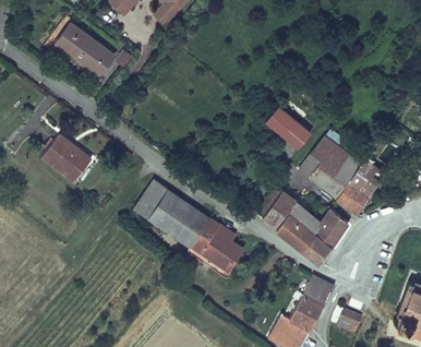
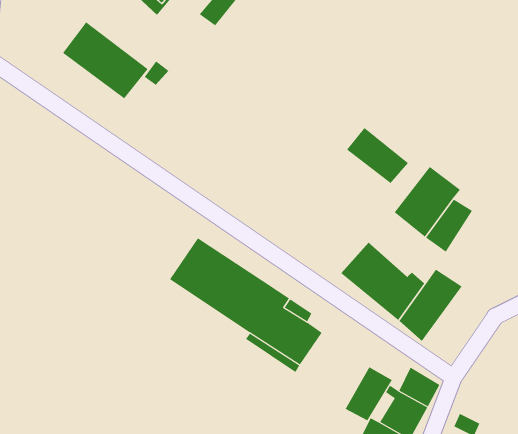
building: [41,136,93,186] -> none
building: [336,154,384,207] -> none
building: none -> [345,366,393,421]

